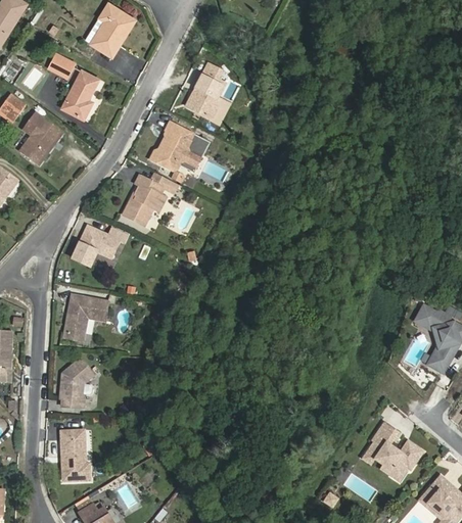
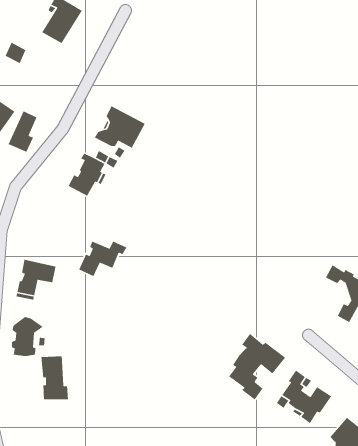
building: [187,67,224,121] -> none
building: [64,68,98,116] -> [8,110,38,153]
building: [72,226,127,267] -> [78,241,127,277]
building: none -> [228,333,286,400]
building: [61,429,93,479] -> [41,355,69,400]

